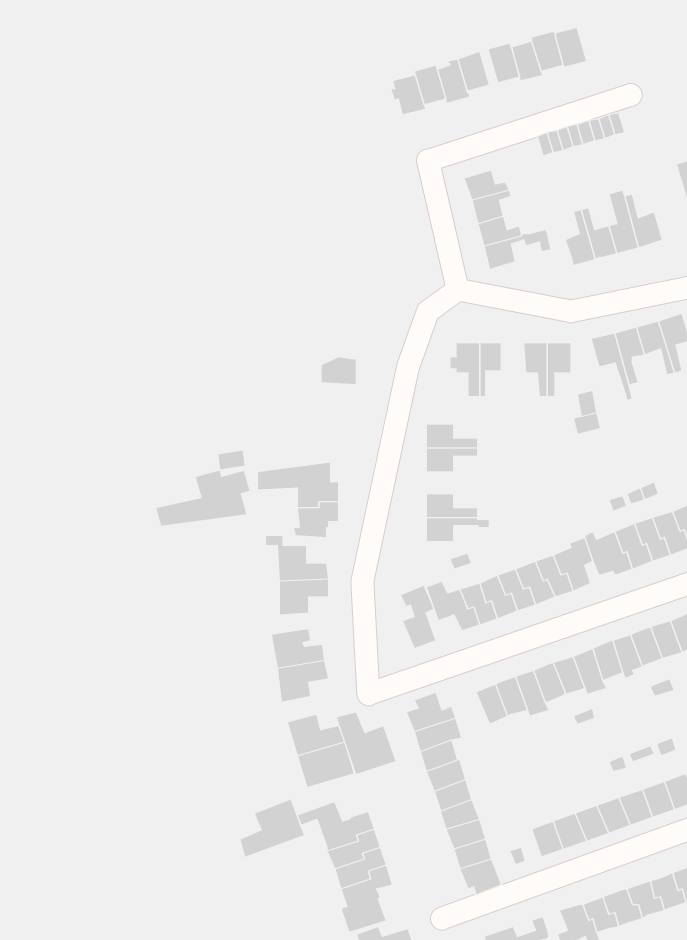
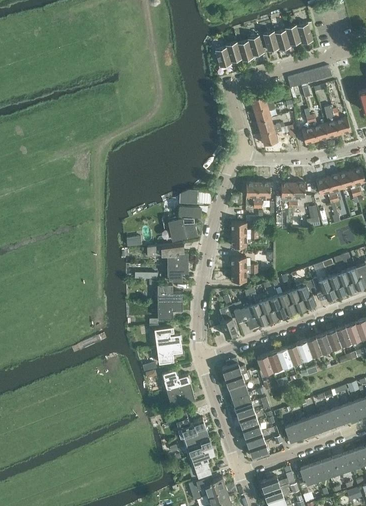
building: none -> [170,208,201,241]
building: [155,470,250,526] -> none
building: [336,712,396,775] -> none
building: [240,799,304,858] -> none

